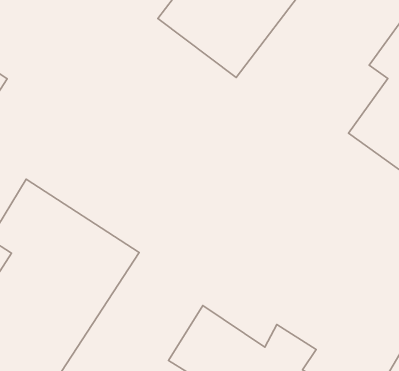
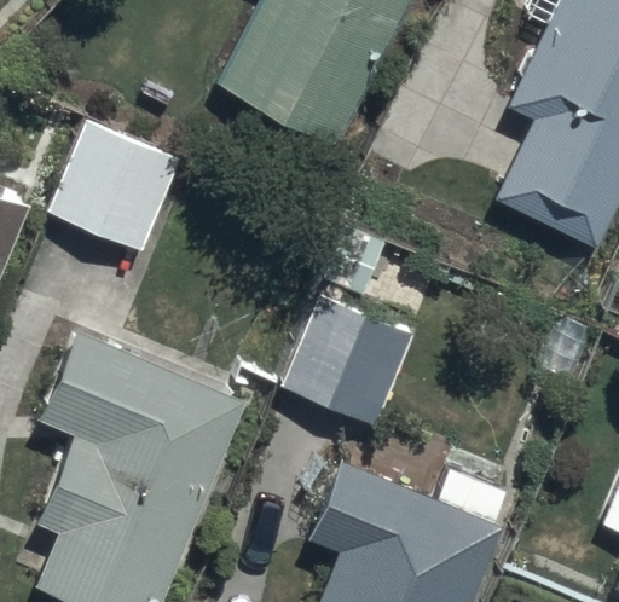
building: none -> [51,120,180,250]
building: none -> [280,296,412,427]

